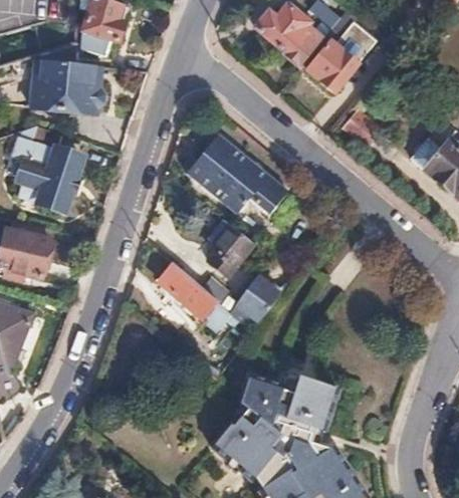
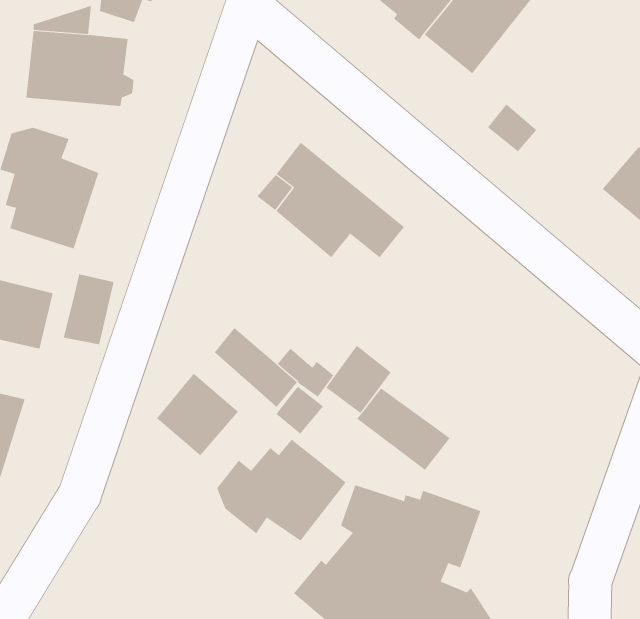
building: [208,223,252,276] -> none
building: none -> [63,274,114,345]
building: none -> [156,373,239,456]
building: none -> [356,388,450,470]
building: none -> [217,439,347,541]

